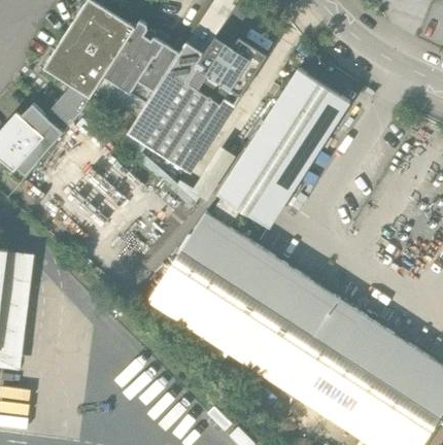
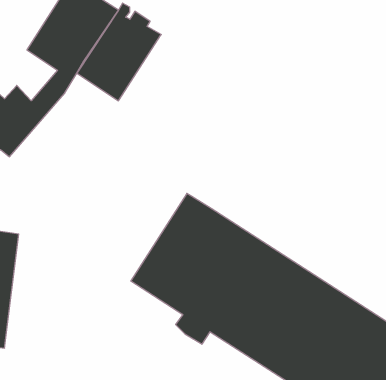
building: [126,36,267,175] -> none
building: [210,68,350,228] -> none

